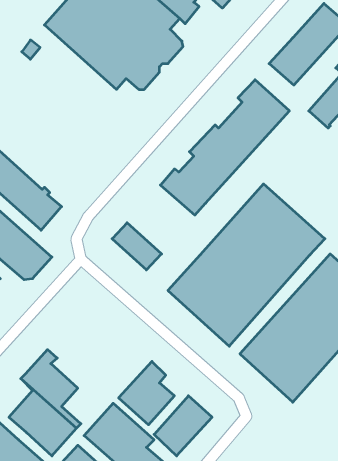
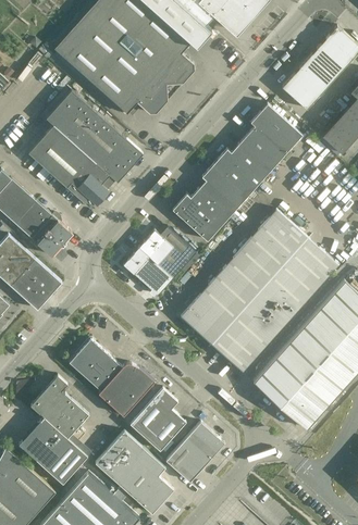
building: none -> [27,89,143,205]
building: none -> [138,225,197,279]
building: none -> [69,339,153,416]

